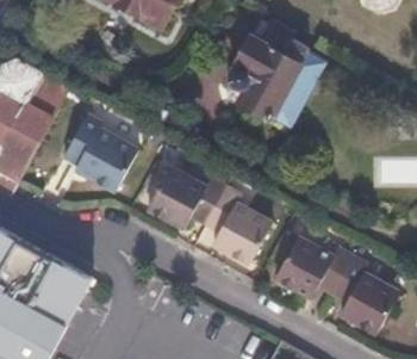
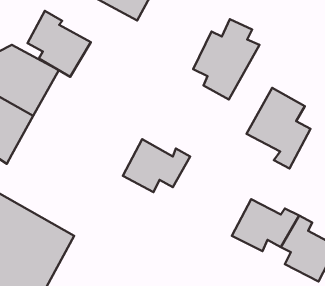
building: none -> [246,88,310,168]
building: [66,113,139,191] -> [28,11,91,77]
building: [206,186,270,262] -> none

